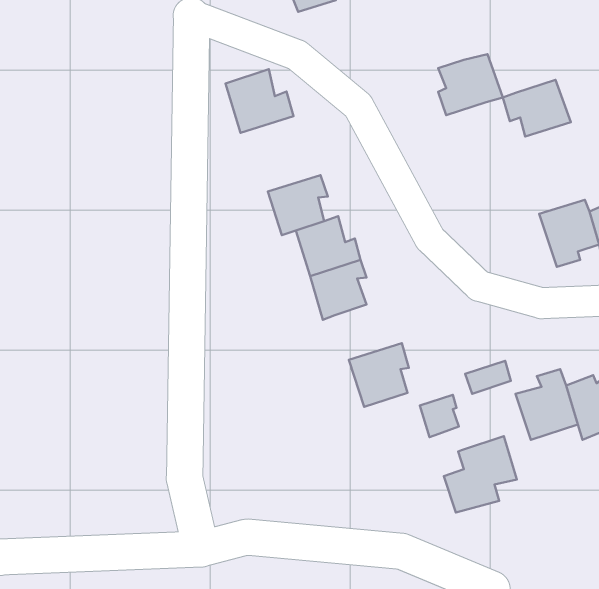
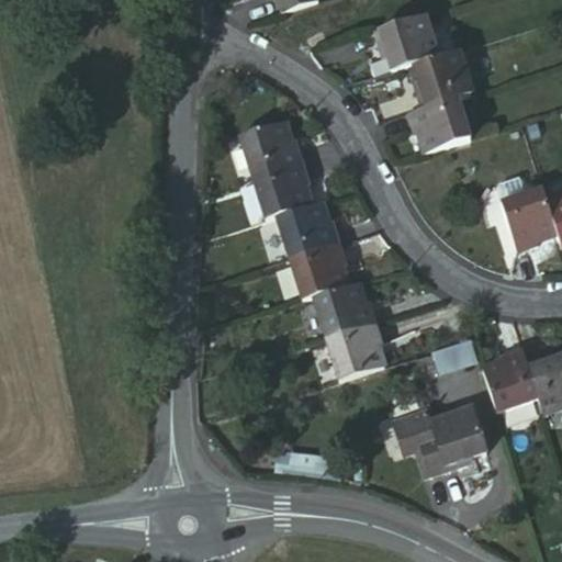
building: none -> [372,15,435,70]
building: [225,69,293,133] -> [237,120,301,179]
building: [503,80,571,136] -> [406,95,470,148]
building: none -> [314,281,376,336]
building: [420,395,459,437] -> [398,408,435,448]

